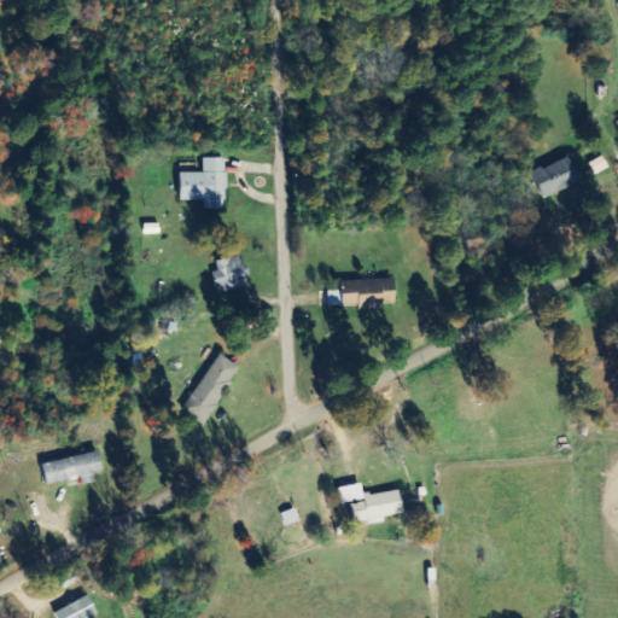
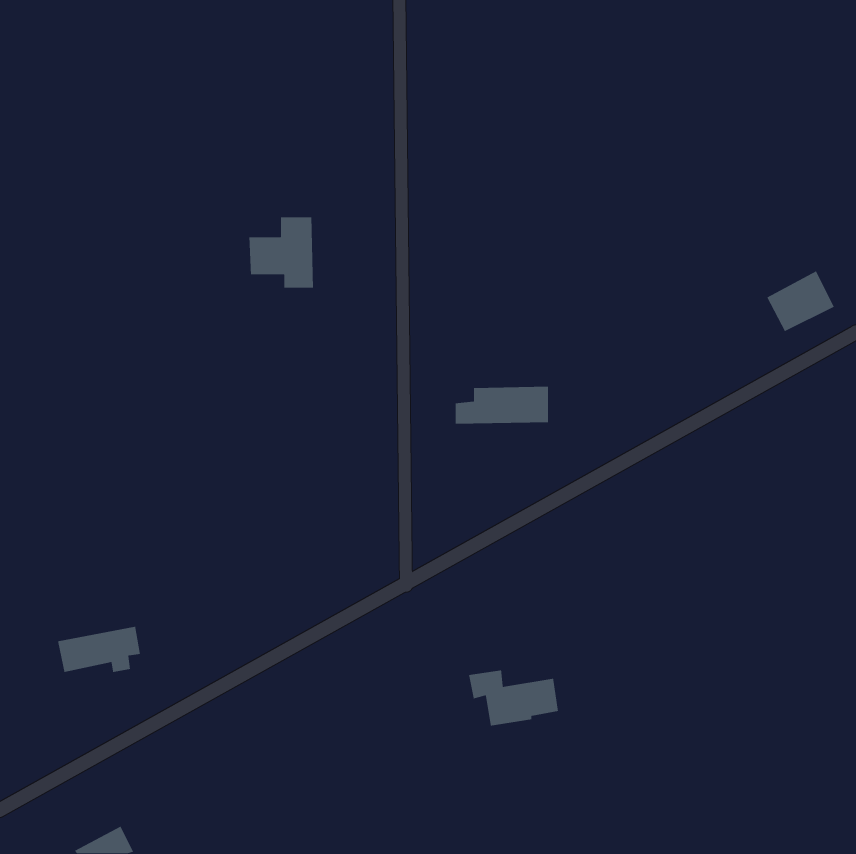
building: [530,153,579,198] -> [766,270,835,332]
building: [211,253,247,292] -> none
building: [181,352,239,422] -> none

